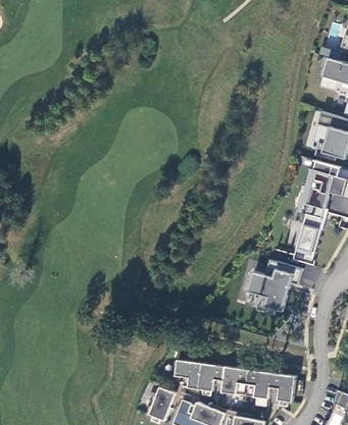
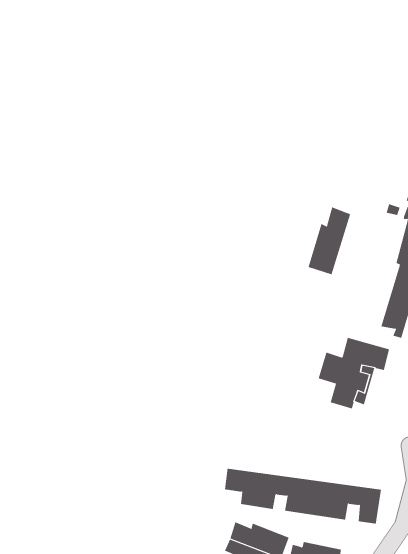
building: none -> [308,207,351,275]
building: [148,386,176,420] -> none

